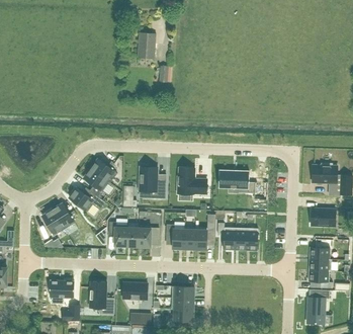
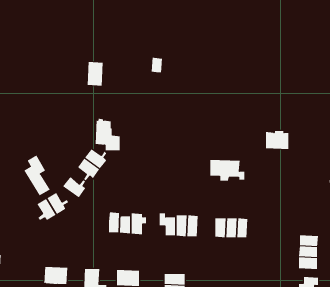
building: [138,33,155,59] -> [87,61,104,86]
building: [139,164,165,197] -> [95,118,121,151]
building: [312,164,336,183] -> [265,131,289,149]
building: none -> [23,155,51,196]
building: [177,168,206,193] -> none
building: [310,208,335,226] -> none

